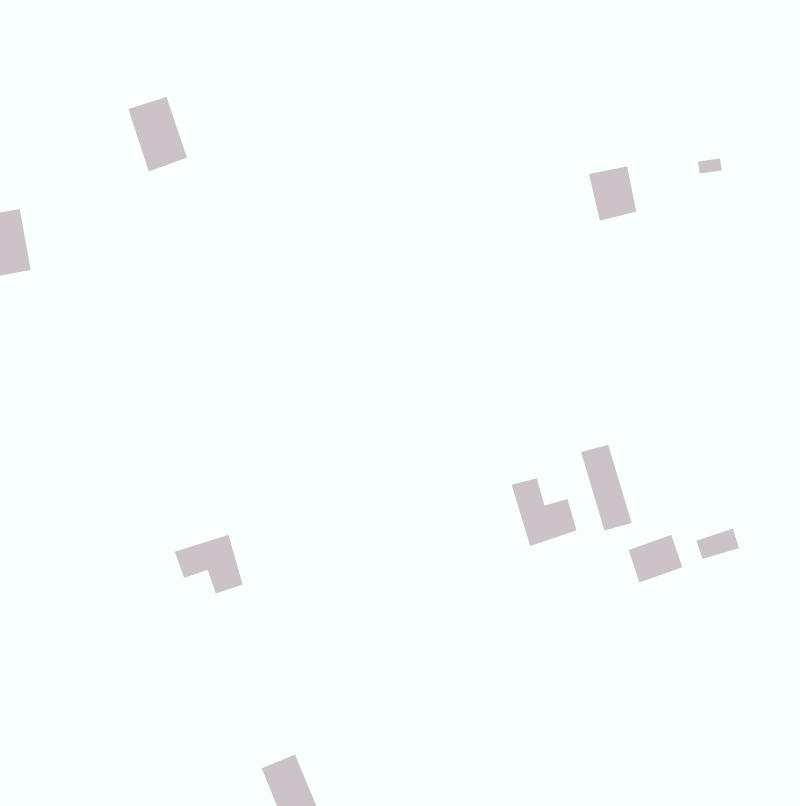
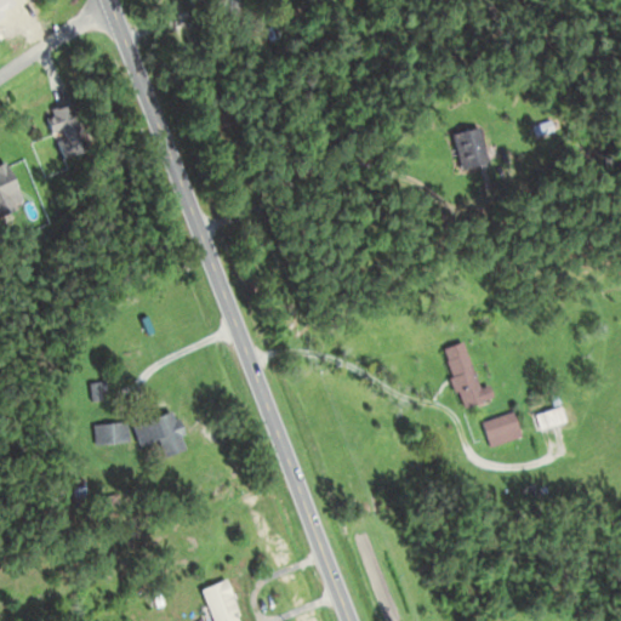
building: [128,96,188,172] -> [46,103,92,161]
building: [511,478,577,547] -> none
building: none -> [92,421,127,445]

